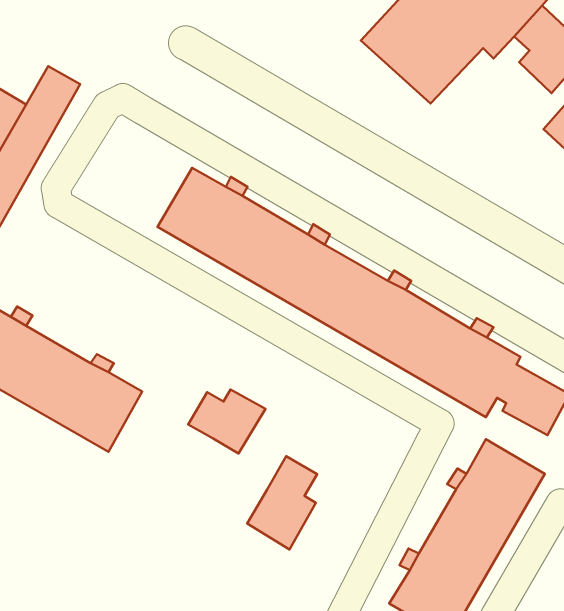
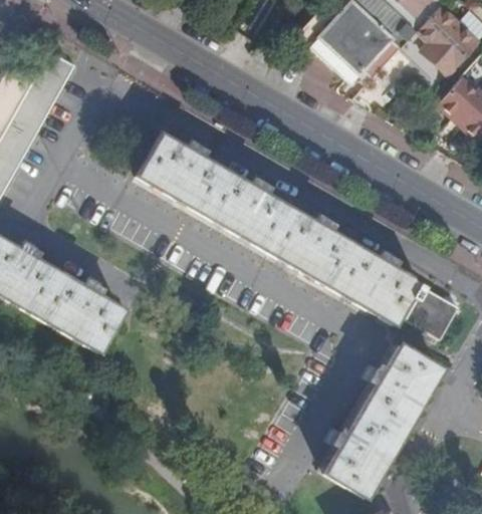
building: [188,390,266,454] -> none
building: [247,456,317,550] -> none

